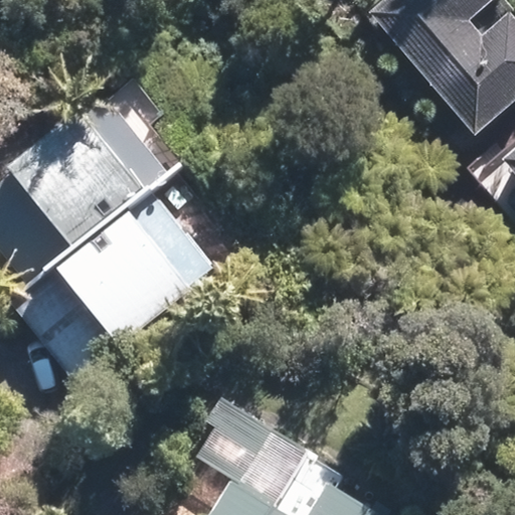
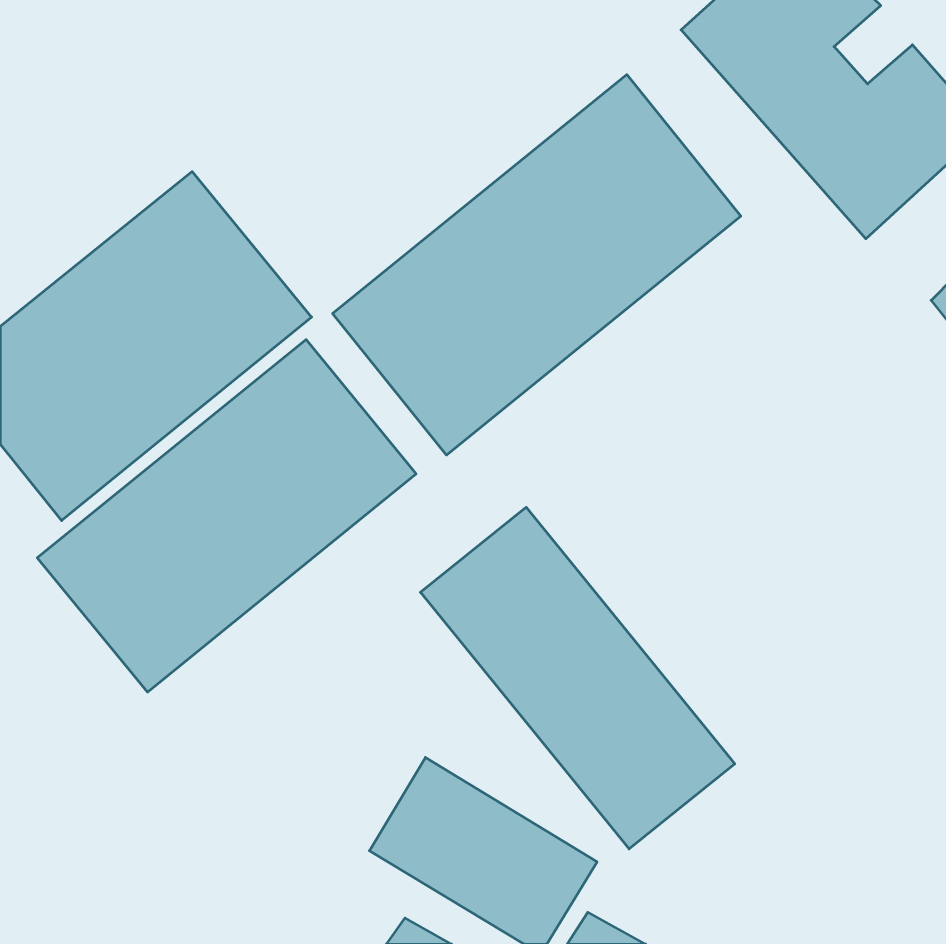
building: none -> [333,75,741,455]
building: none -> [420,507,735,849]

